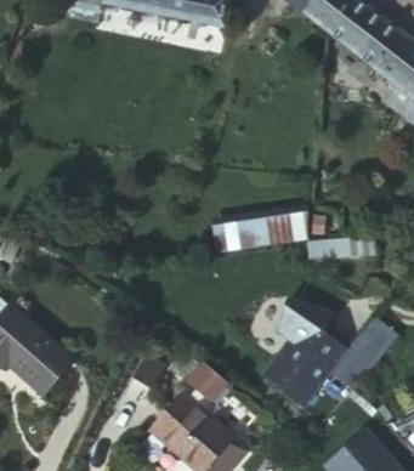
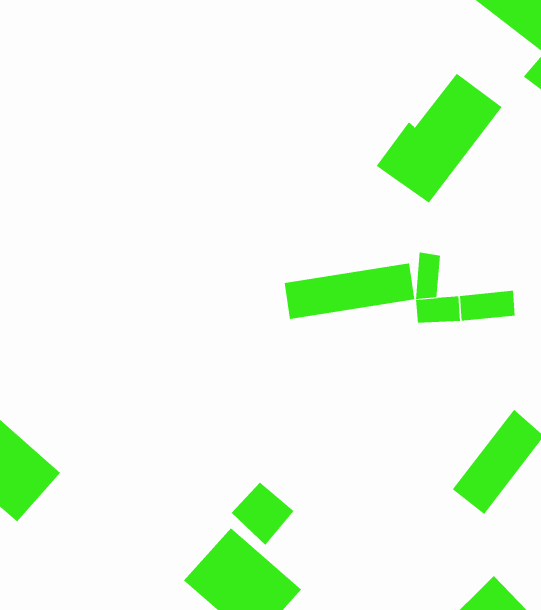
building: none -> [376,73,503,203]
building: [266,295,346,403] -> none

